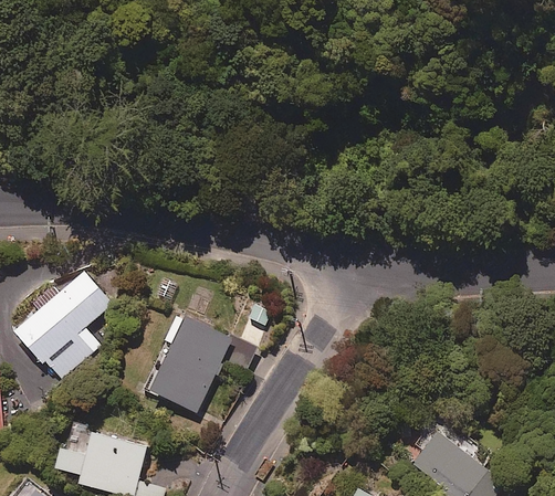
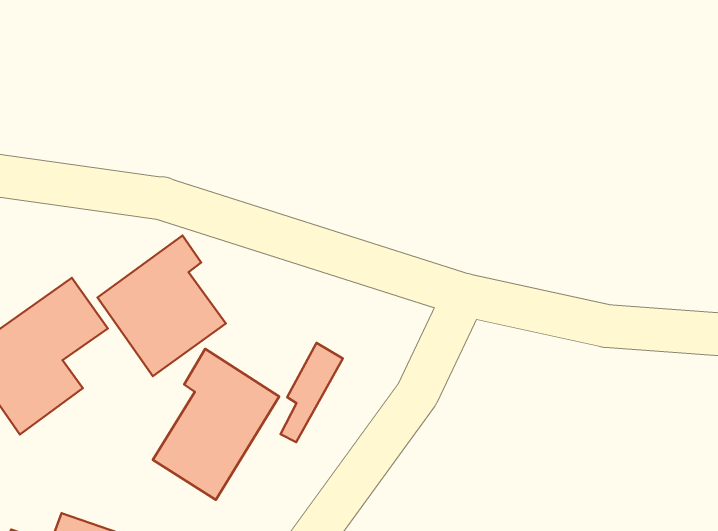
building: none -> [97,235,226,376]

